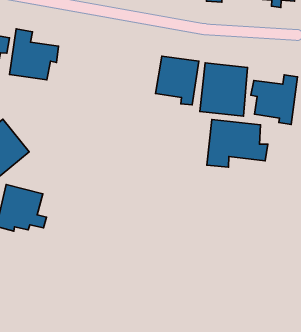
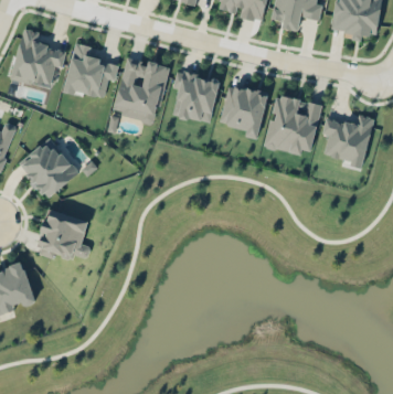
building: none -> [115,56,167,117]
building: none -> [171,71,220,125]
building: [207,120,268,167] -> none

